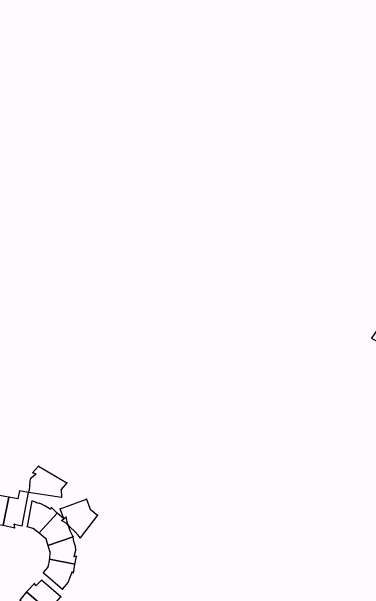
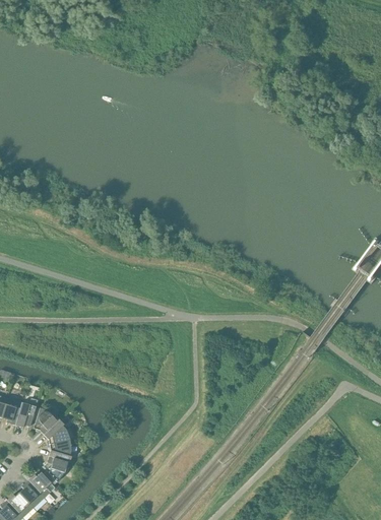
building: [28,466,67,497] -> none
building: [60,499,98,538] -> none

